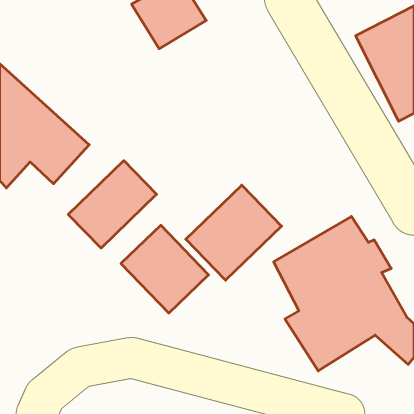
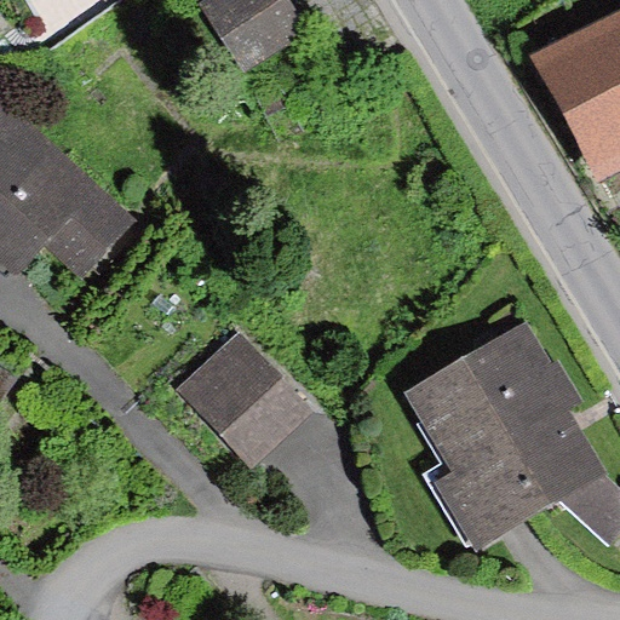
building: [68,161,157,248] -> none
building: [186,185,282,280] -> none

